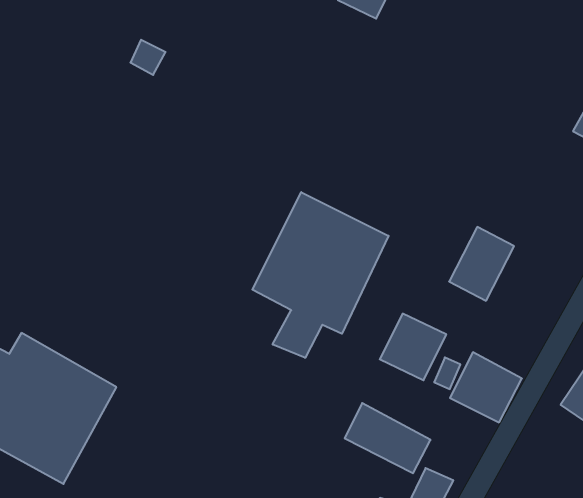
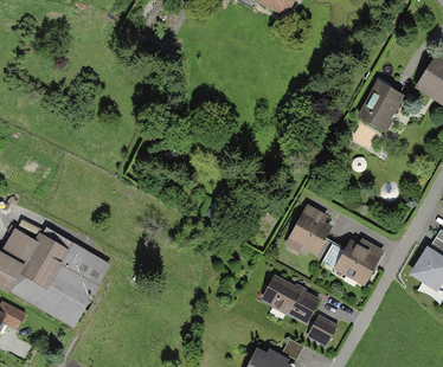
building: [252,192,389,358] -> none
building: [449,227,514,301] -> [360,83,404,133]

